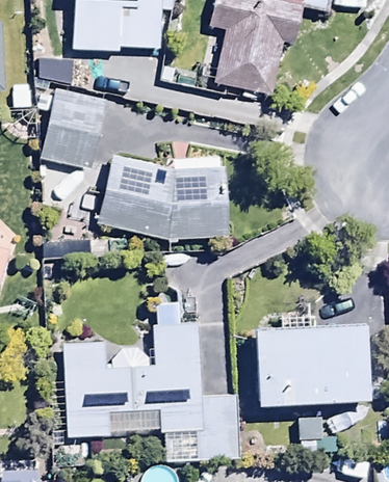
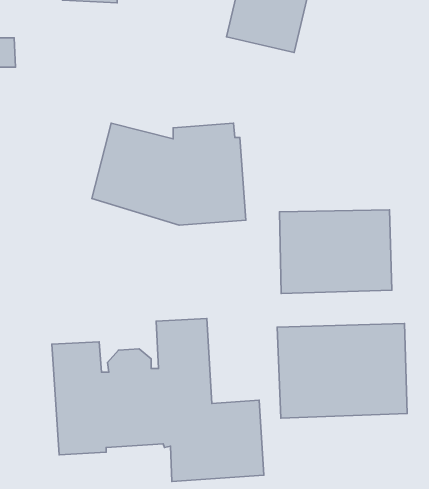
building: [37,87,106,171] -> none
building: none -> [280,210,392,293]

